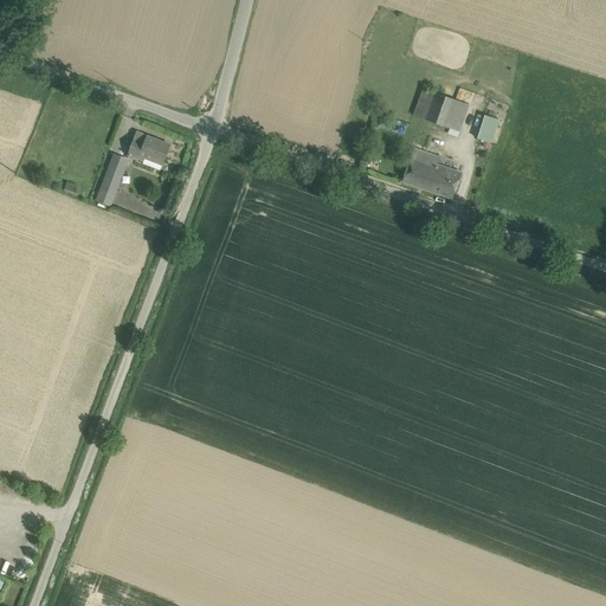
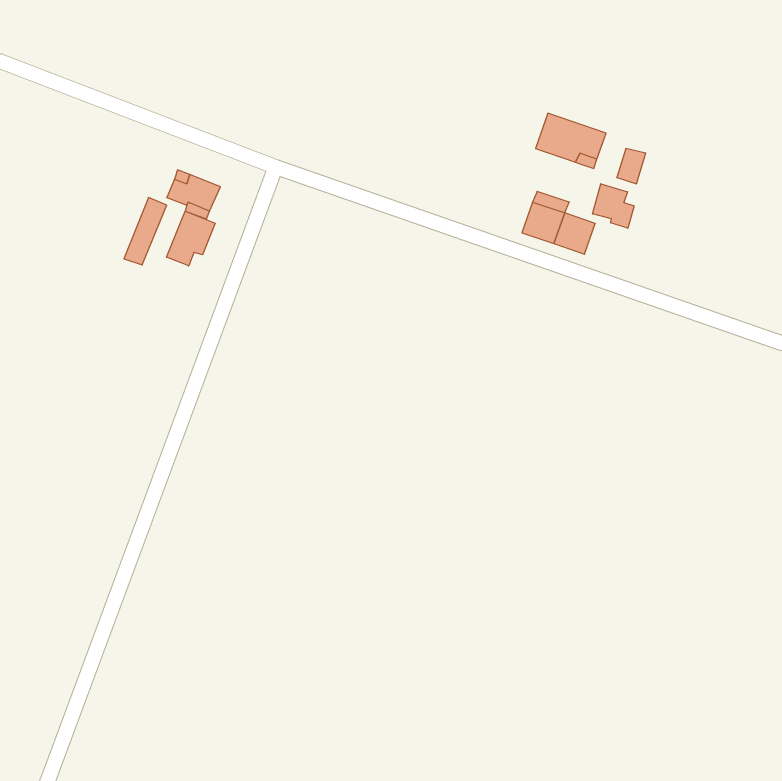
building: none -> [593,184,634,228]
building: none -> [167,211,215,266]

